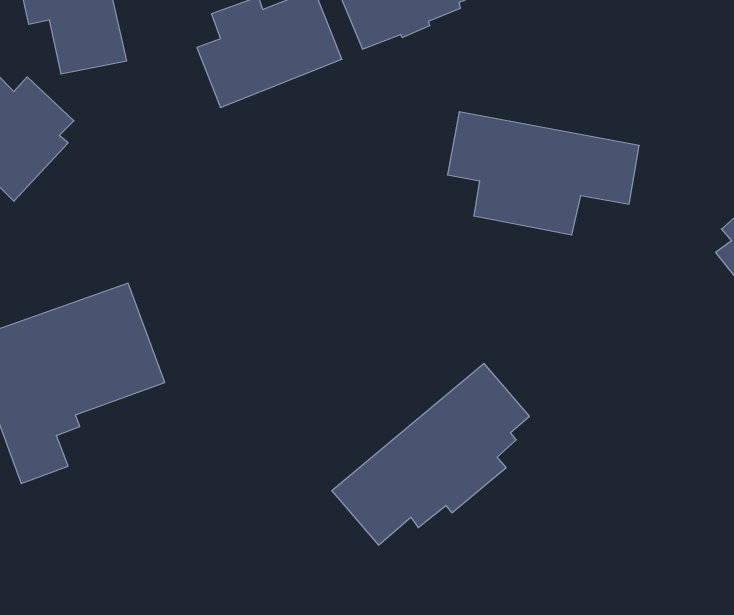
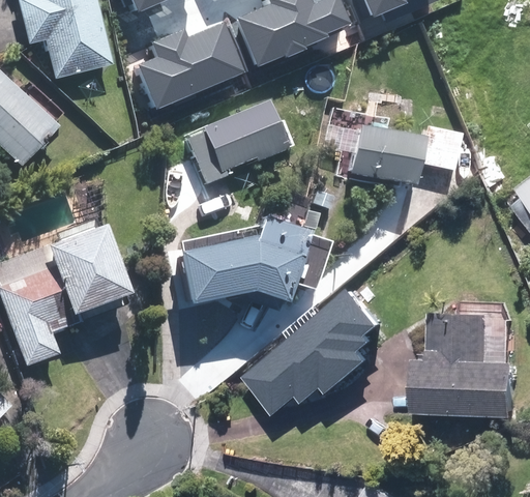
building: none -> [186,104,283,184]
building: none -> [169,223,321,311]
building: none -> [413,310,516,413]

